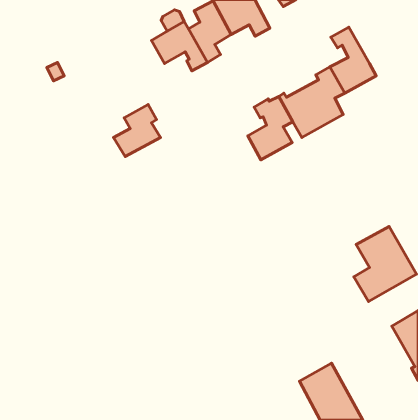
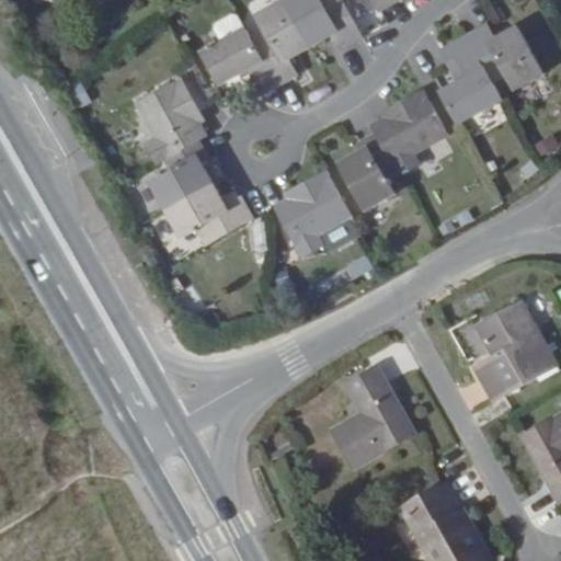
building: none -> [465,23,543,91]
building: none -> [137,79,205,162]
building: none -> [274,170,348,253]
building: none -> [167,183,253,244]
building: none -> [331,362,410,467]

